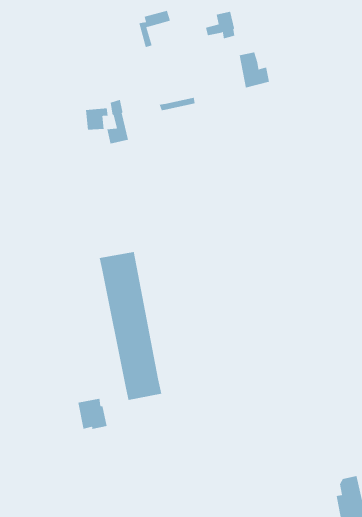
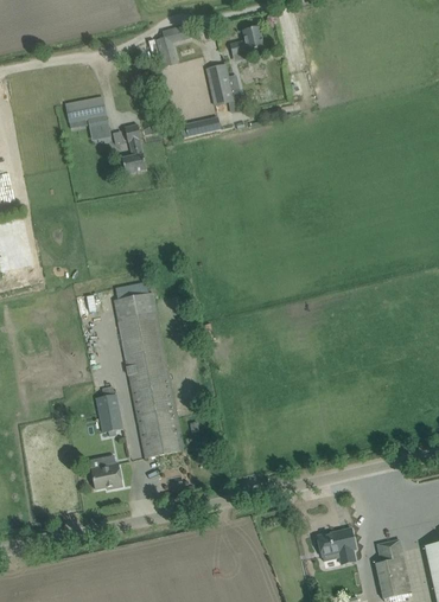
building: [239,52,270,88] -> [206,64,241,104]
building: none -> [65,96,107,128]
building: none -> [96,385,122,431]
building: none -> [317,530,355,563]

